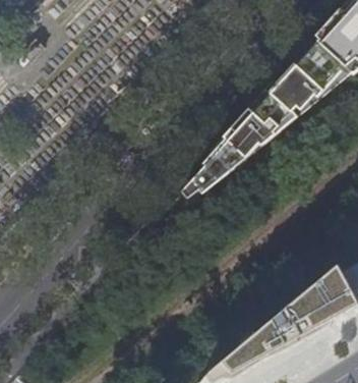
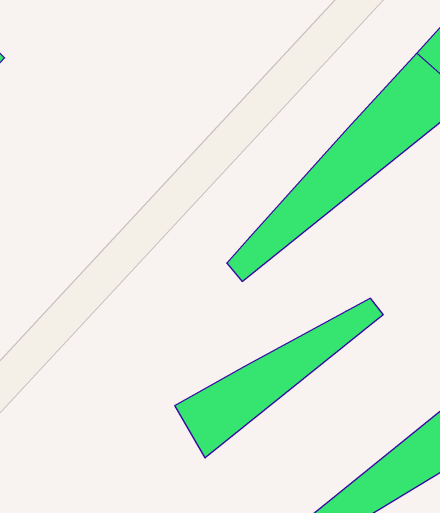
building: none -> [175,298,383,458]

